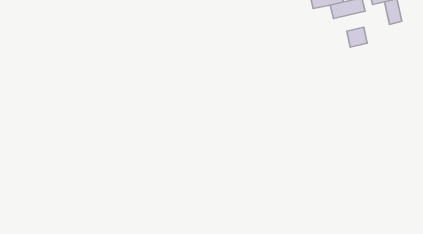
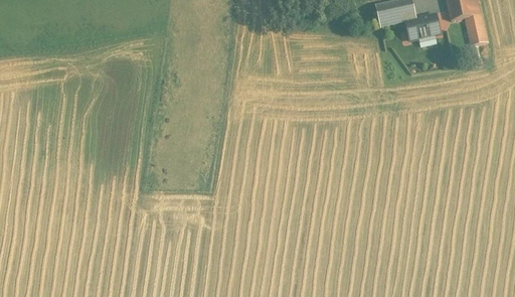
building: [347,27,367,47] -> none

